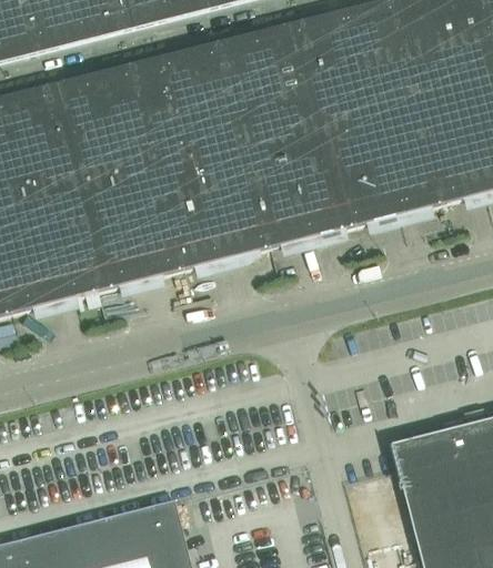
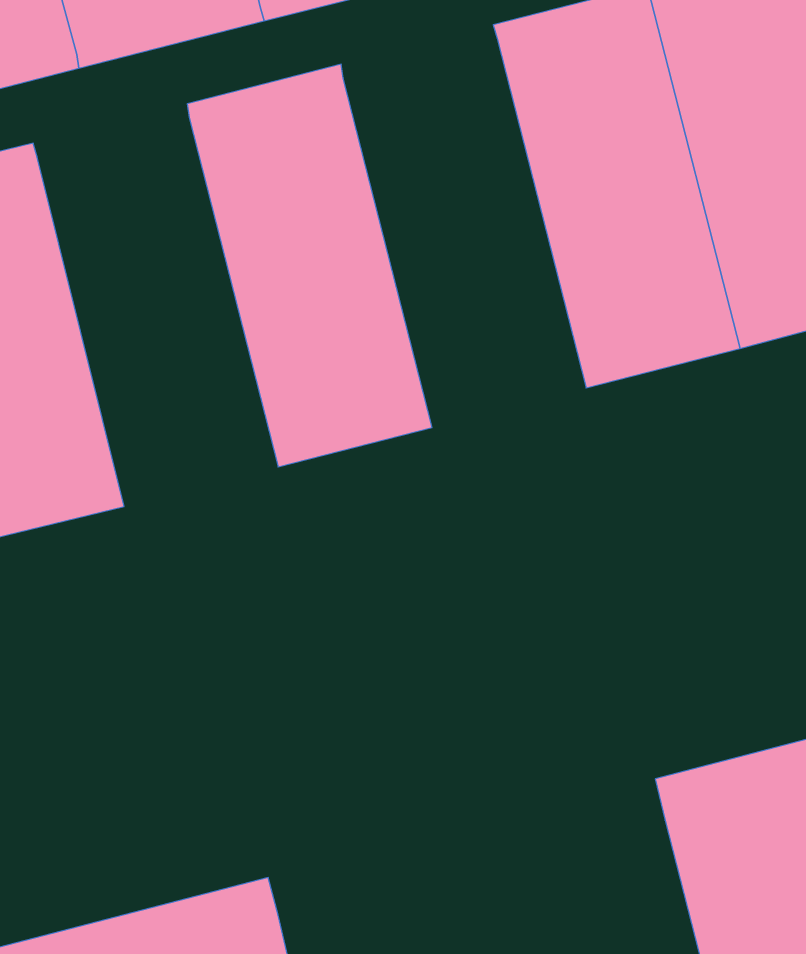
building: [218,19,355,245] -> none
building: [44,63,182,290] -> none

